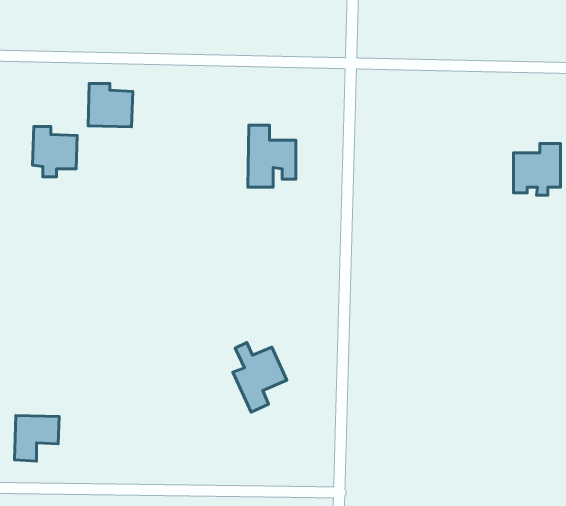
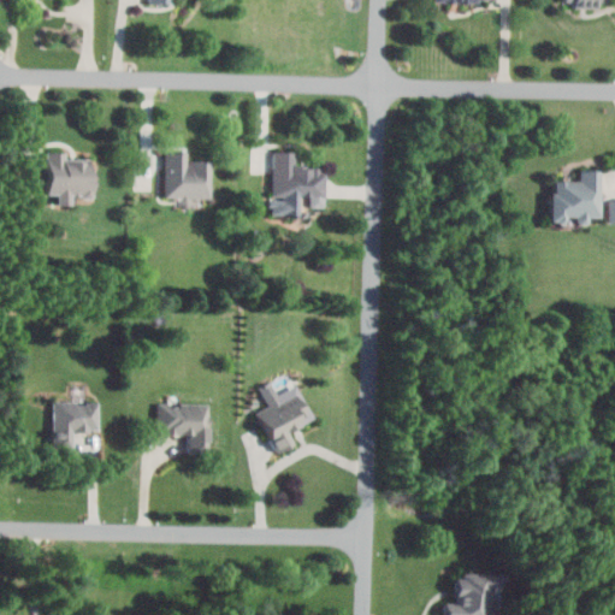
building: [88,83,133,127] -> [165,153,212,199]
building: none -> [158,403,209,455]
building: [15,415,59,461] -> [53,402,100,450]

